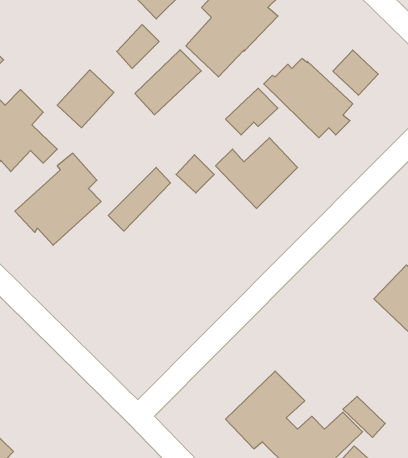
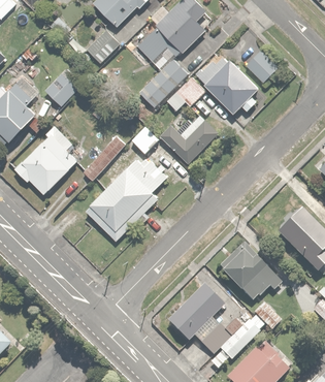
building: [135,50,201,115] -> [139,59,188,106]
building: none -> [87,158,169,240]
building: none -> [220,243,281,298]

